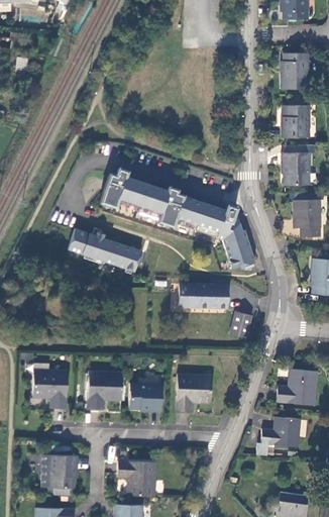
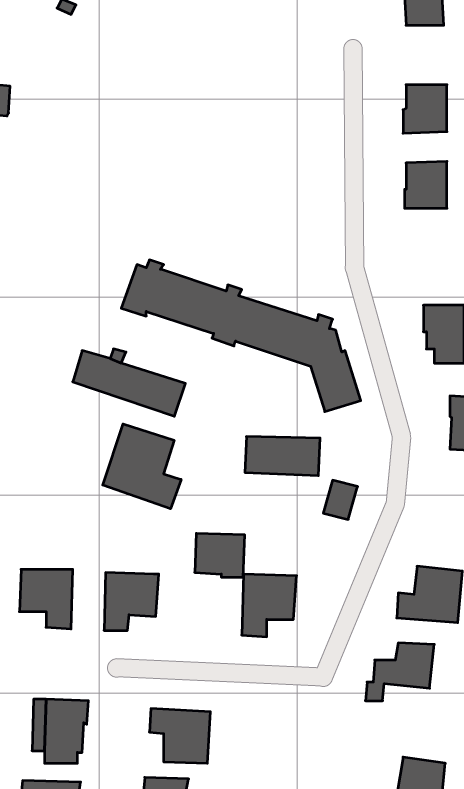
building: [282,151,310,184] -> none
building: none -> [103,424,181,509]
building: [130,383,162,411] -> [195,533,245,577]

